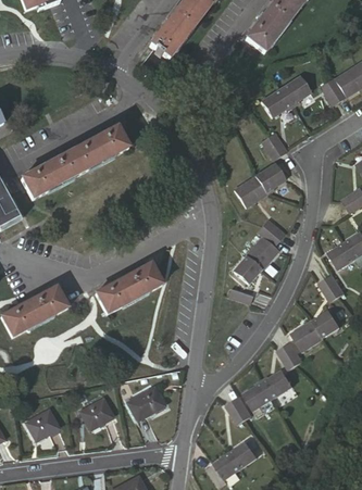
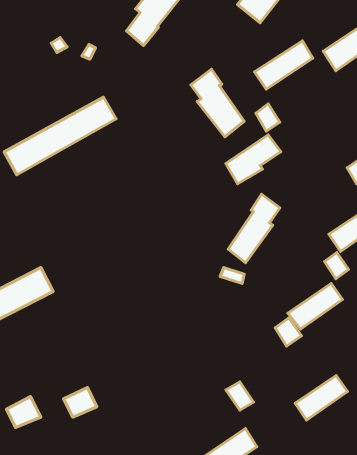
building: none -> [191,69,244,137]
building: [98,264,166,316] -> none
building: [249,366,299,409] -> [295,376,348,420]
building: [132,388,166,418] -> none

